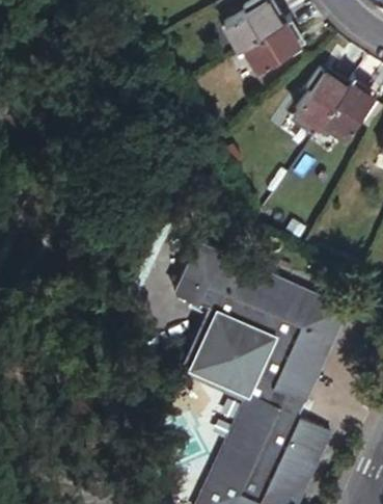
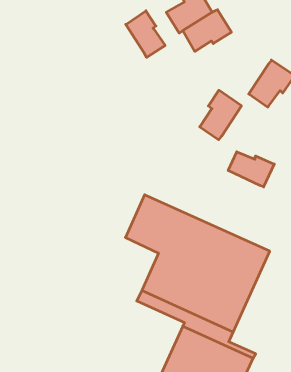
building: none -> [126,11,165,57]
building: [295,69,345,128] -> [200,90,241,140]
building: none -> [228,152,274,187]

